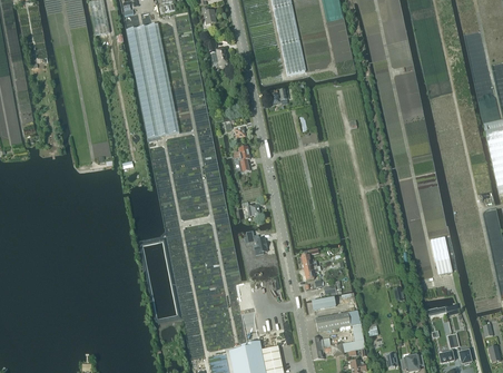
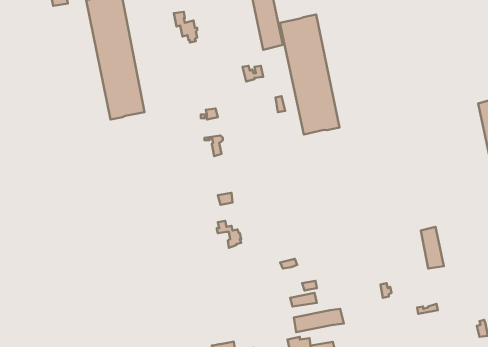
building: none -> [280,14,339,134]

